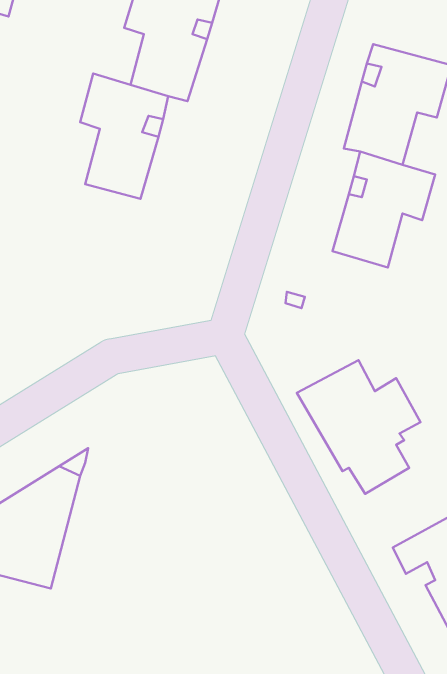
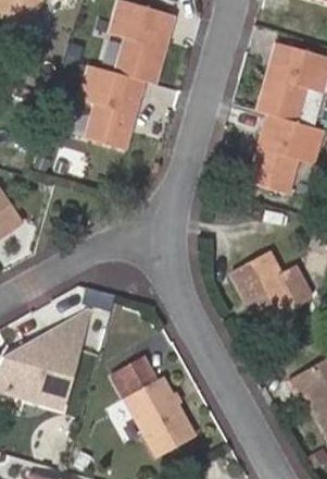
building: none -> [103,356,188,457]

